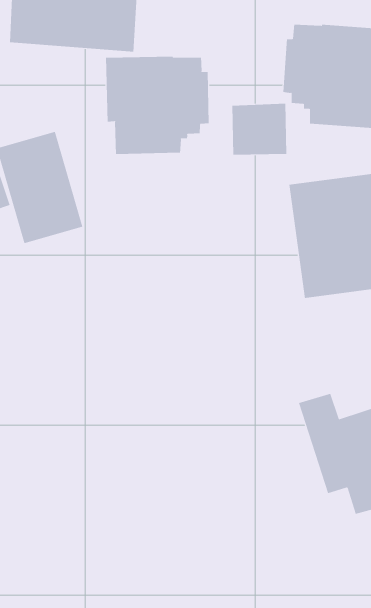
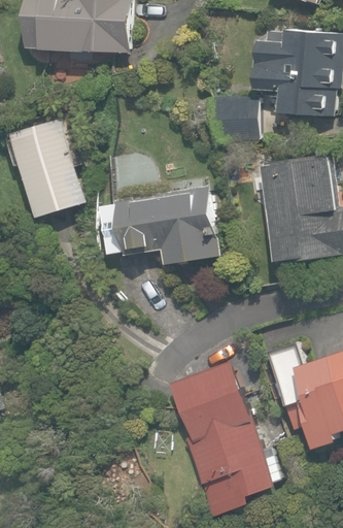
building: [106,56,209,155] -> none
building: none -> [102,186,216,264]
building: none -> [170,359,281,515]

